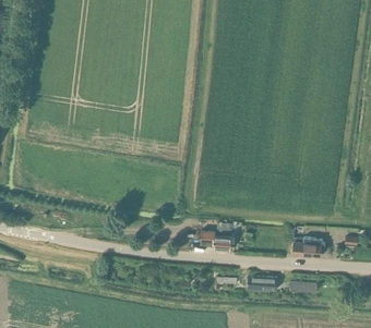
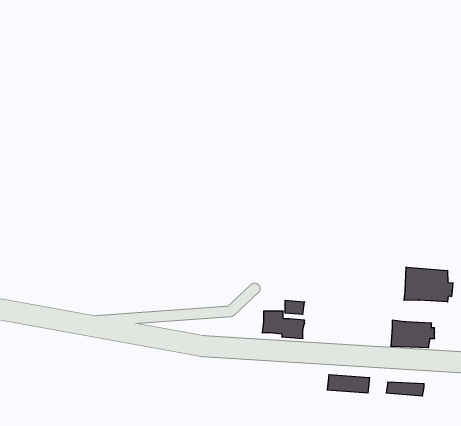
building: none -> [404,267,453,302]

